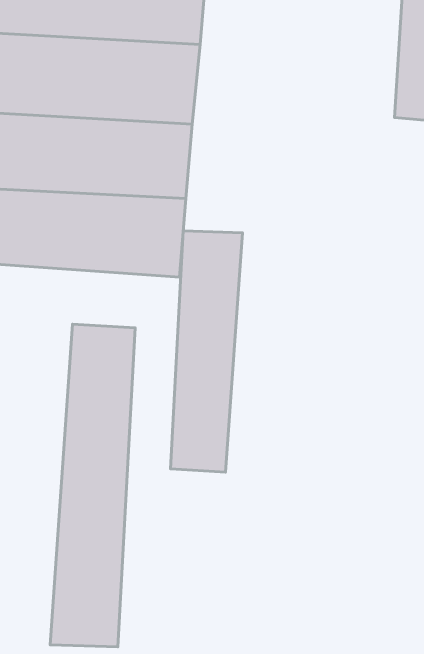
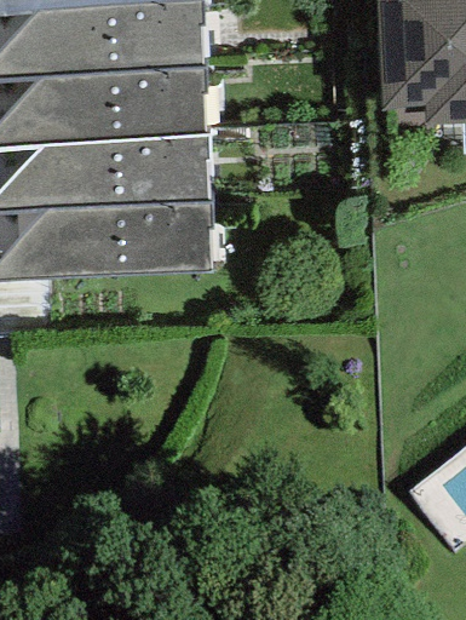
building: [170,231,242,472] -> none
building: [50,324,135,647] -> none

